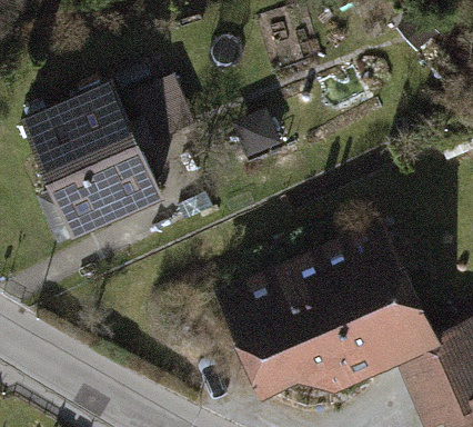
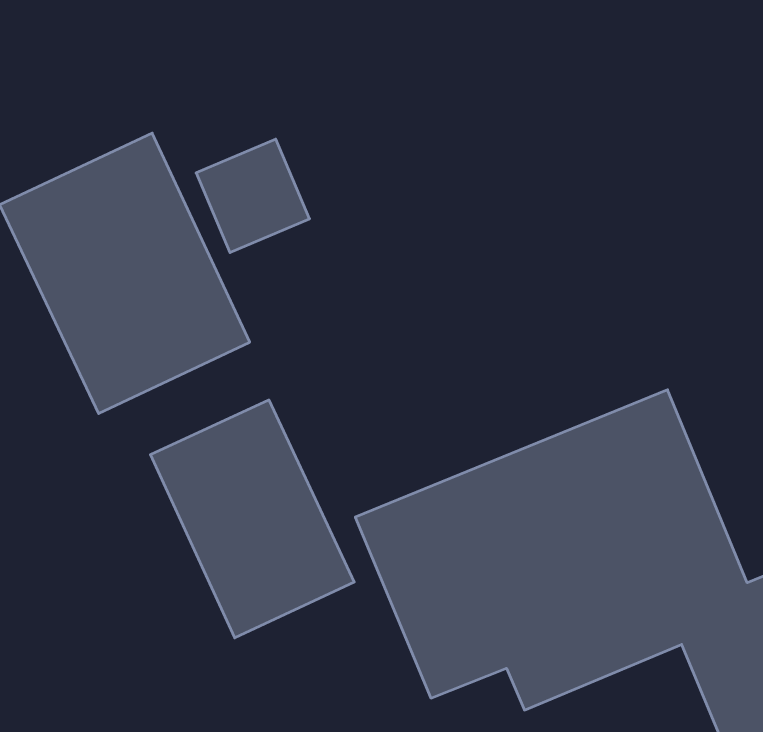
building: none -> [150,400,354,638]

